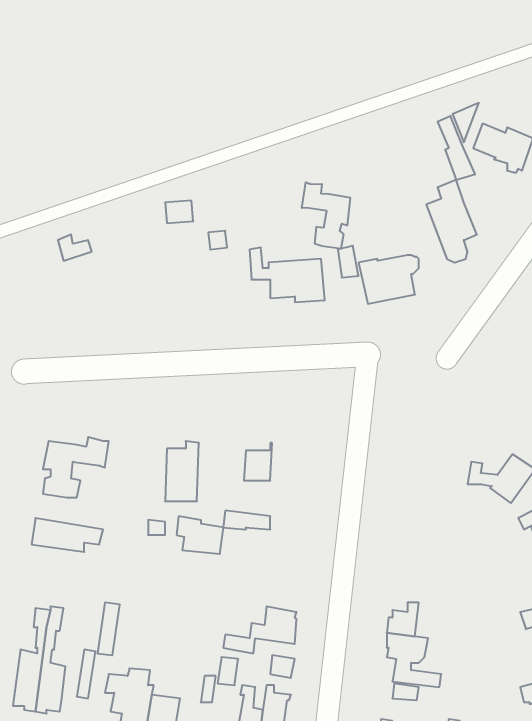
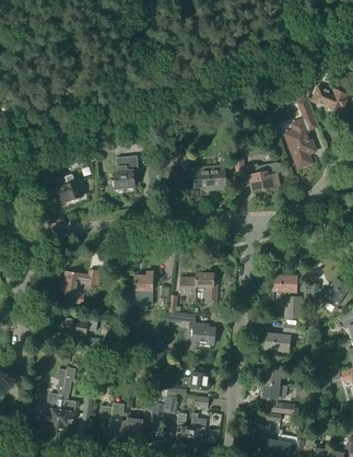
building: [302,182,350,249] -> none
building: none -> [114,153,138,191]
building: none -> [54,174,82,201]
building: none -> [195,272,217,301]
building: none -> [272,276,301,318]
building: [177,516,224,554] -> [188,323,215,344]
building: none -> [264,324,305,351]

